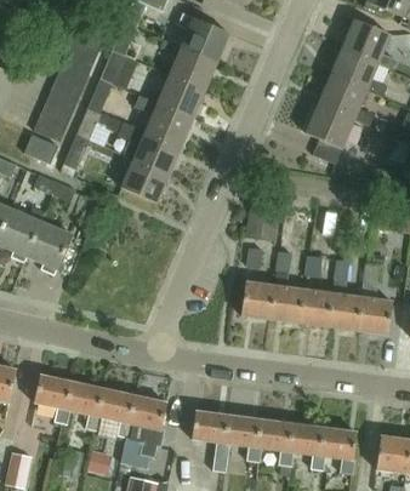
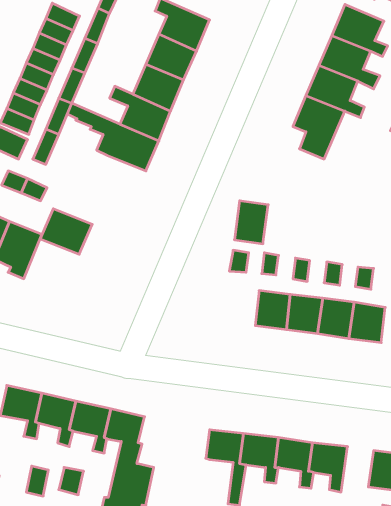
building: [120,159,169,201] -> [40,209,92,254]
building: [240,281,274,318] -> none
building: [192,410,228,470] -> none

